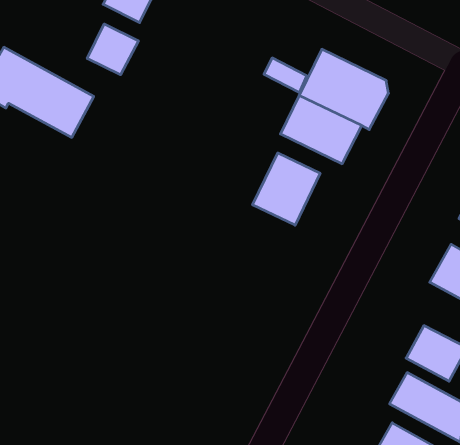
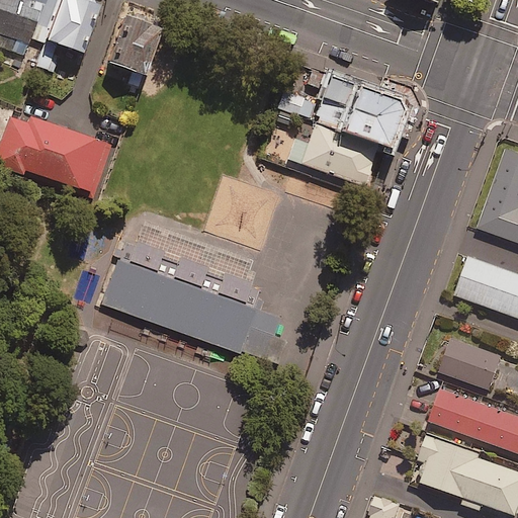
building: [87,24,138,75] -> none
building: [253,153,320,225] -> none
building: none -> [103,259,296,373]

